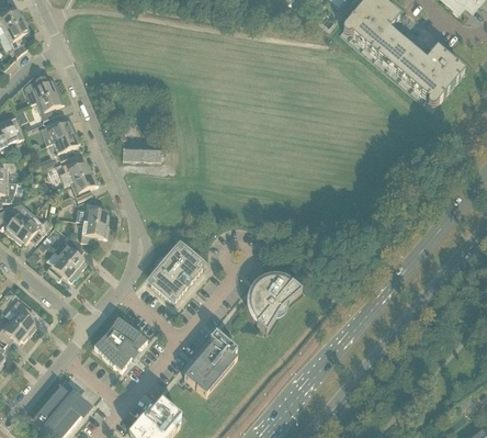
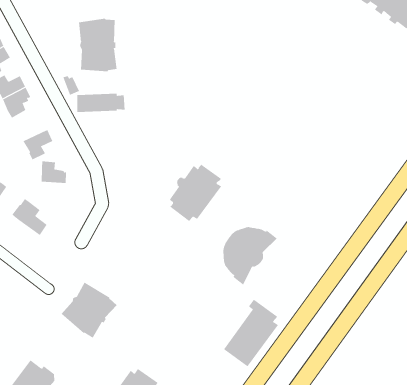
building: none -> [79,18,117,72]
building: [59,157,92,183] -> none
building: [80,220,109,240] -> none
building: [150,245,202,299] -> [168,164,222,222]
building: [46,252,79,279] -> none
building: [183,330,237,394] -> [223,299,279,367]

